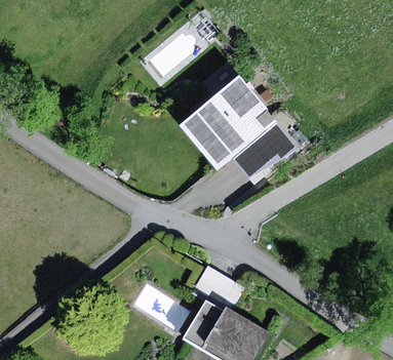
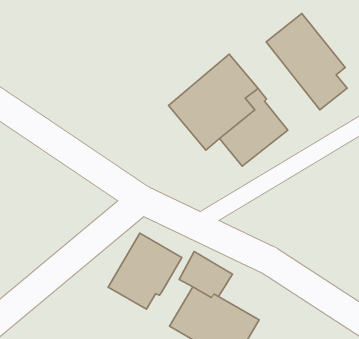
building: none -> [266,13,347,110]
building: none -> [108,233,182,309]

